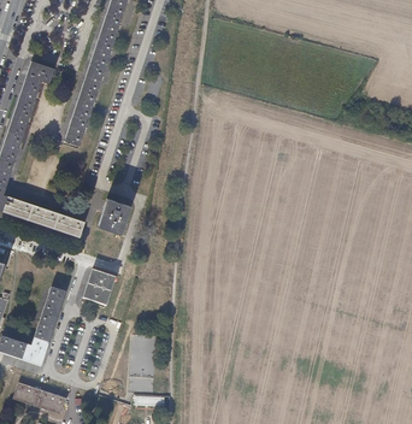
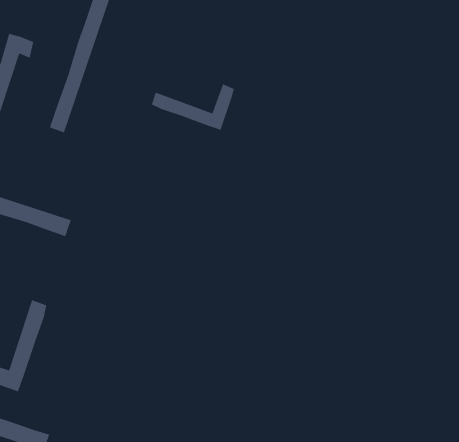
building: none -> [151,83,235,131]
building: [99,199,130,232] -> none
building: [84,270,114,305] -> none

